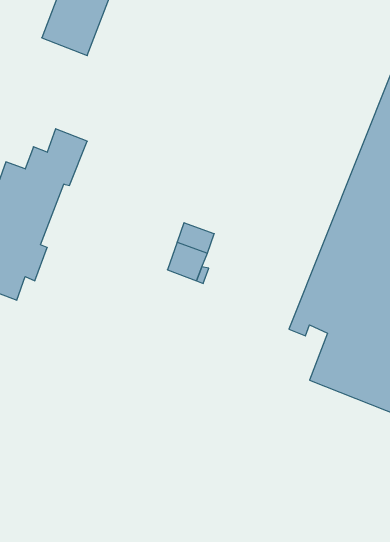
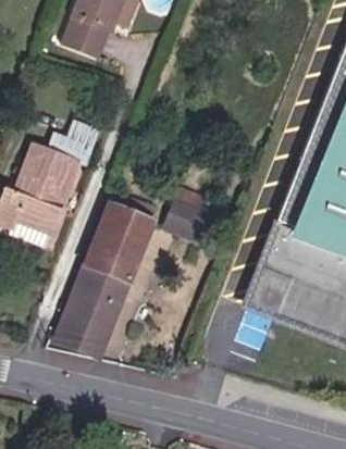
building: none -> [58,205,152,359]
building: none -> [249,269,292,312]

